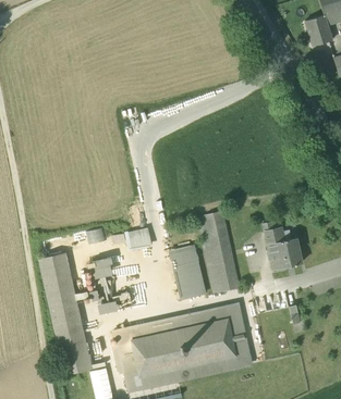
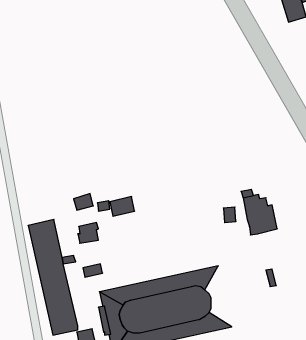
building: [198,213,239,294] -> none
building: [171,245,205,300] -> none
building: [226,302,254,366] -> none

